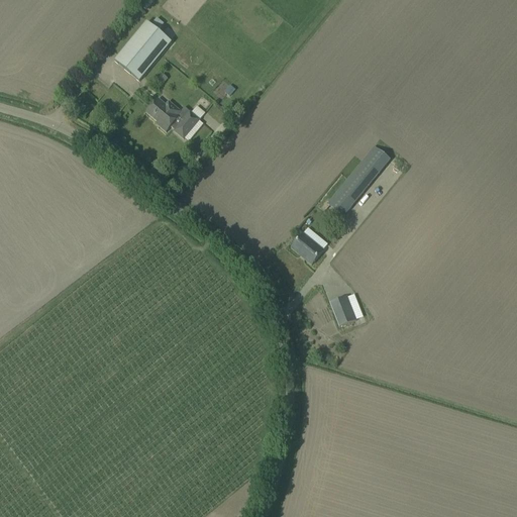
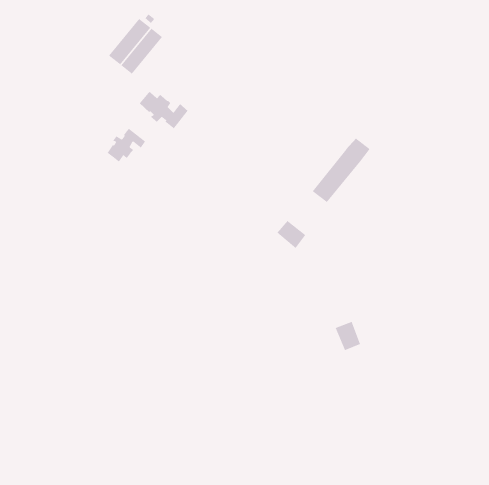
building: none -> [107,128,146,162]
building: [329,294,356,325] -> [335,321,361,351]

